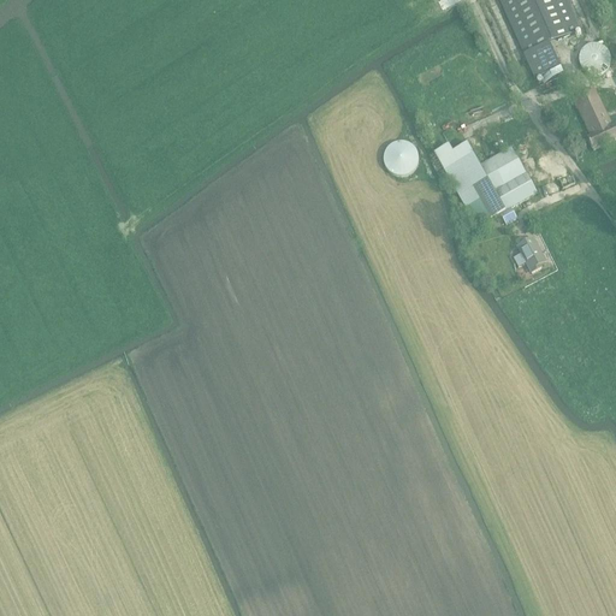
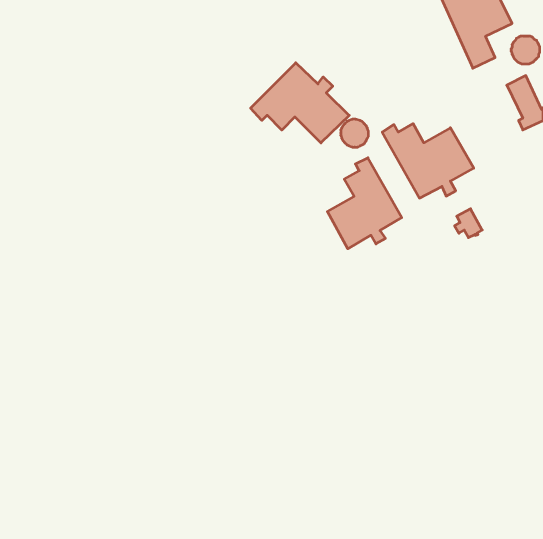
building: none -> [251,63,349,143]
building: none -> [327,158,402,249]

